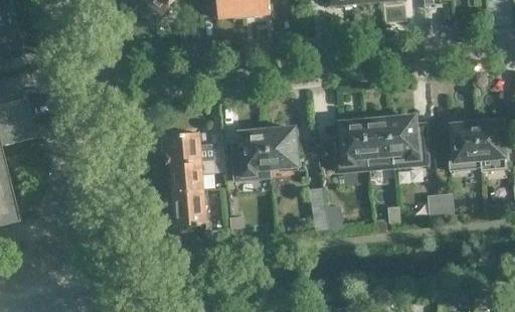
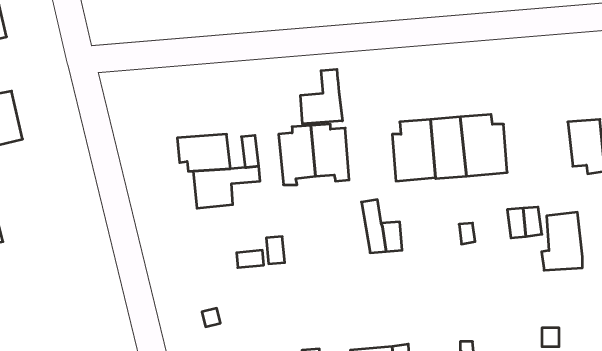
building: none -> [301,69,342,124]
building: [448,123,481,170] -> [542,212,582,270]
building: [175,190,207,226] -> none

